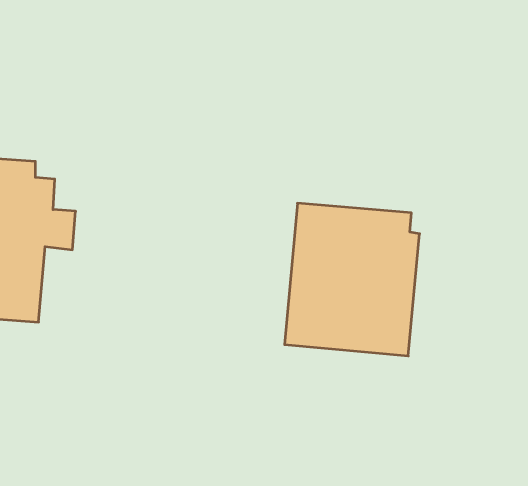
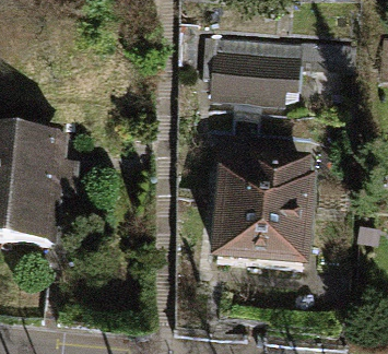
building: none -> [209,30,302,97]

